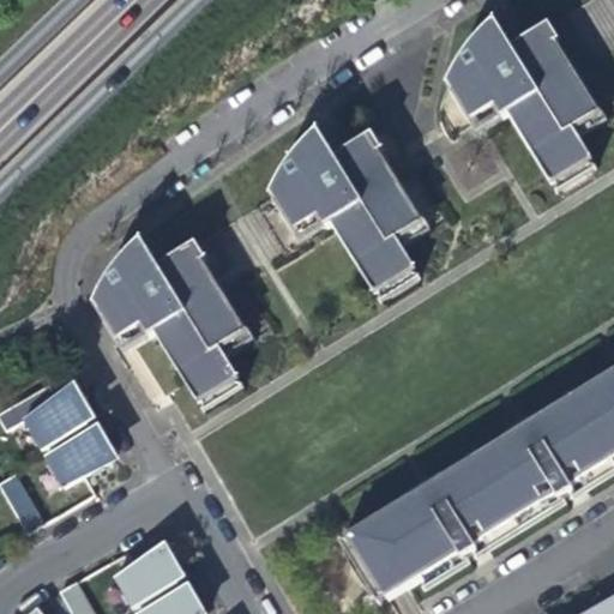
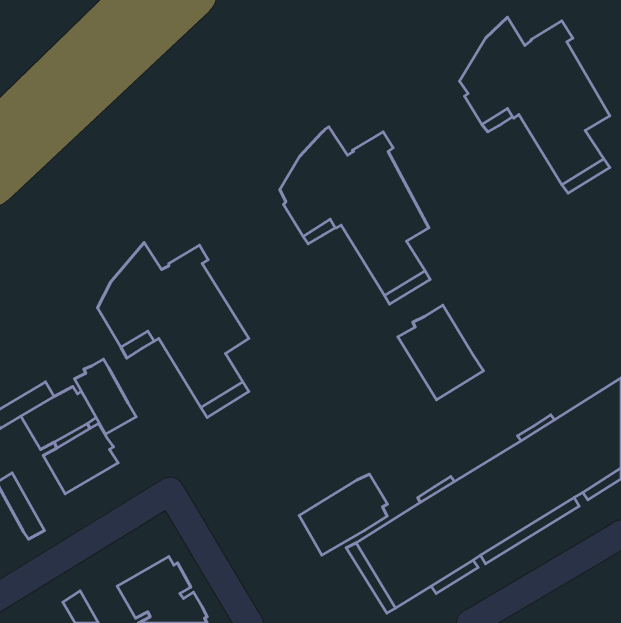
building: none -> [398,305,483,400]
building: none -> [74,359,136,434]
building: none -> [299,474,387,555]

